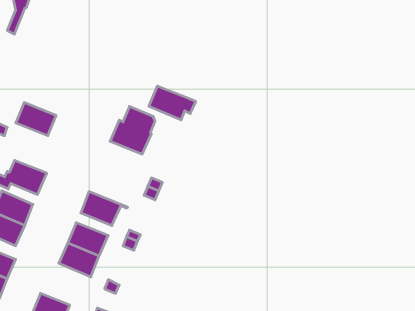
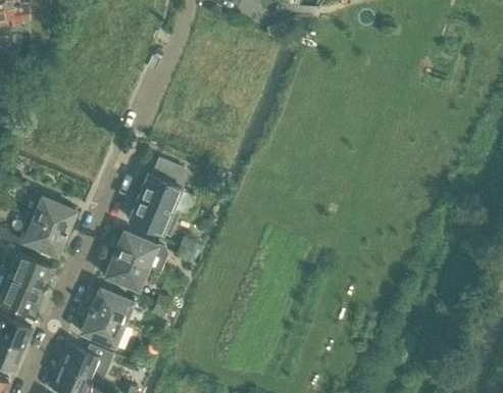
building: [149,86,196,120] -> [129,197,181,235]
building: [16,103,56,136] -> [32,196,77,233]
building: none -> [114,231,162,271]
building: none -> [60,345,102,380]

